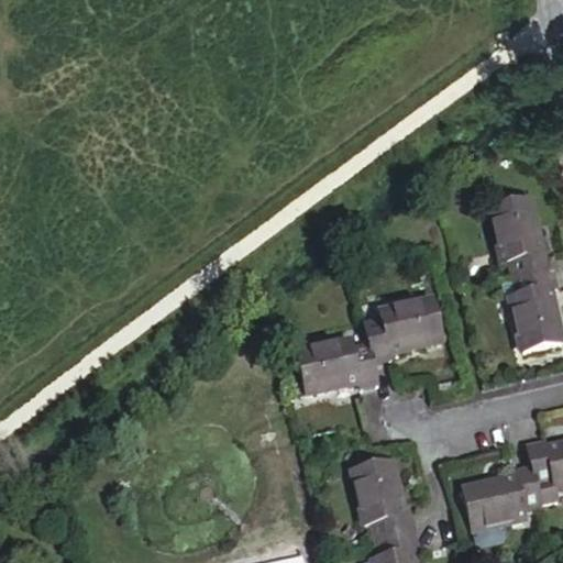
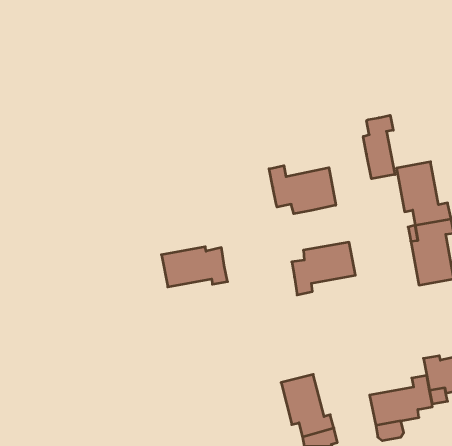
building: none -> [363,115,395,179]
building: none -> [269,166,336,214]
building: [295,340,376,389] -> [161,247,228,287]

